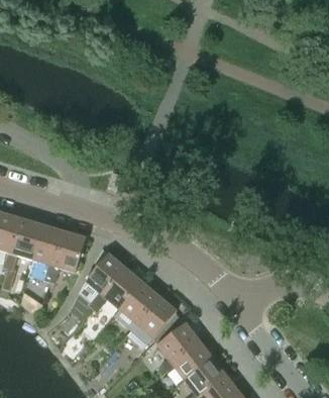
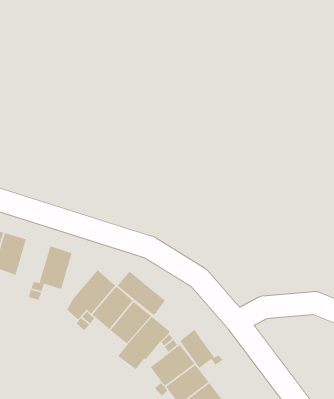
building: [32,223,64,264] -> none
building: none -> [117,271,166,316]
building: none -> [179,329,223,369]

